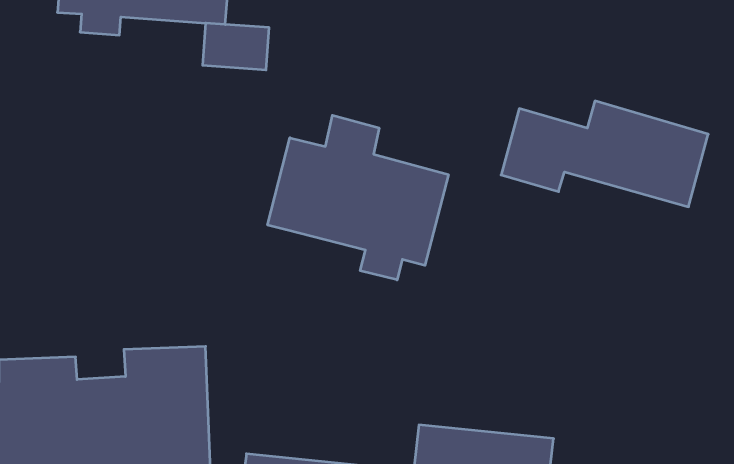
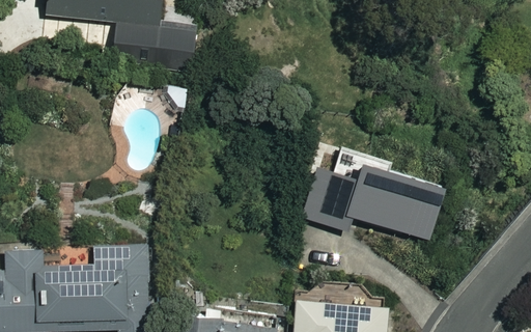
building: [501,101,708,207] -> [302,165,444,238]
building: [268,115,448,280] -> none

